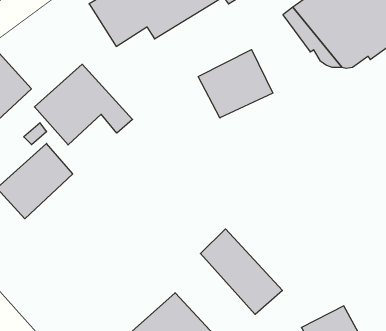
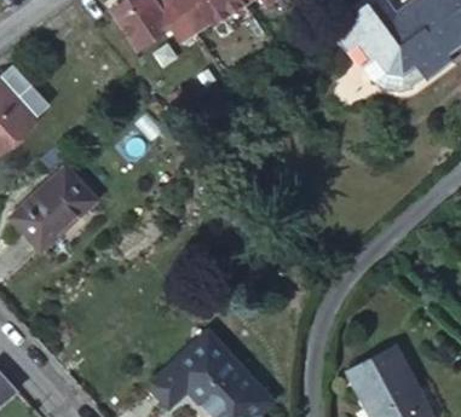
building: [198,50,273,118] -> none
building: [34,64,133,145] -> none
building: [200,229,282,314] -> none

